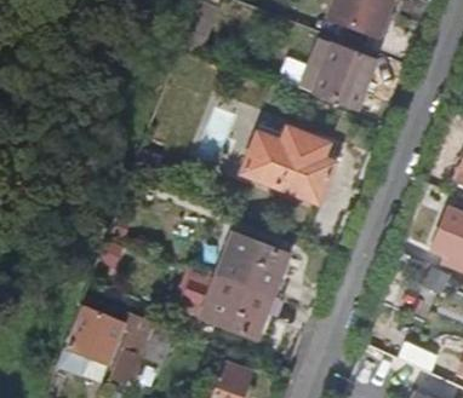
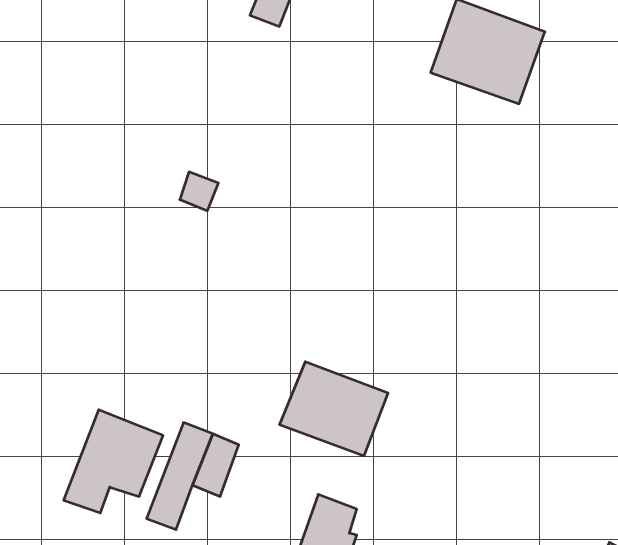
building: [241,126,335,201] -> none
building: [216,231,287,295] -> none

